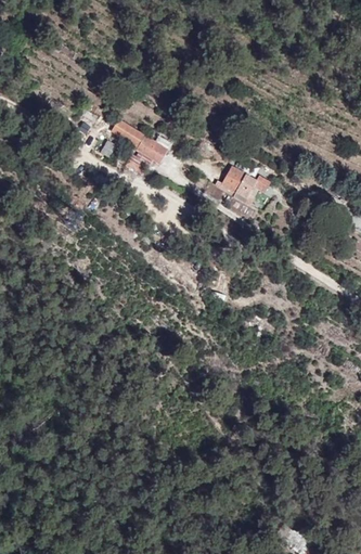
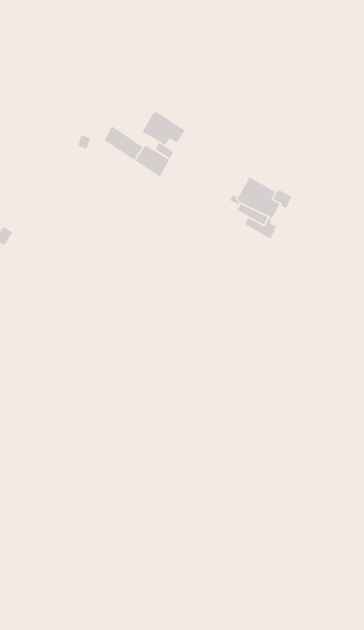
building: none -> [142,111,186,146]

